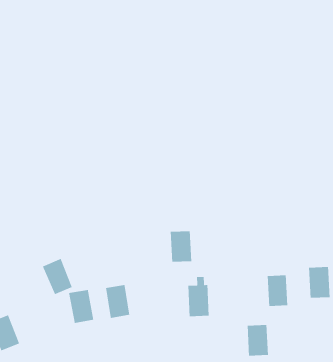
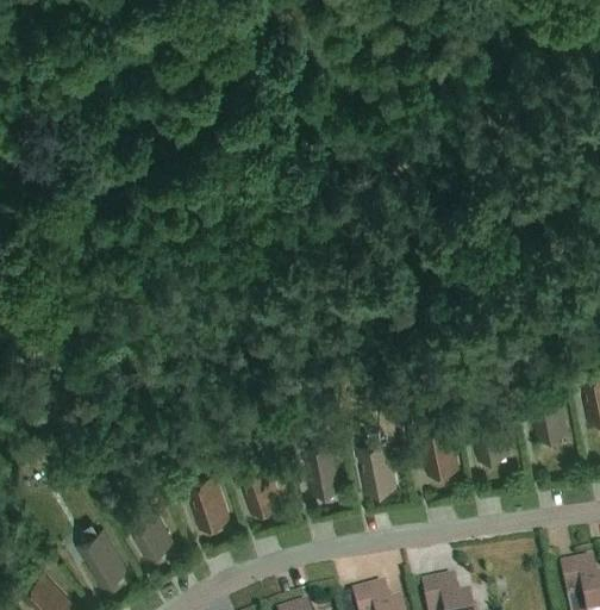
building: [170,230,192,263] -> [305,449,344,500]
building: [42,258,73,295] -> [124,509,174,565]
building: [247,324,269,356] -> [420,430,460,481]

